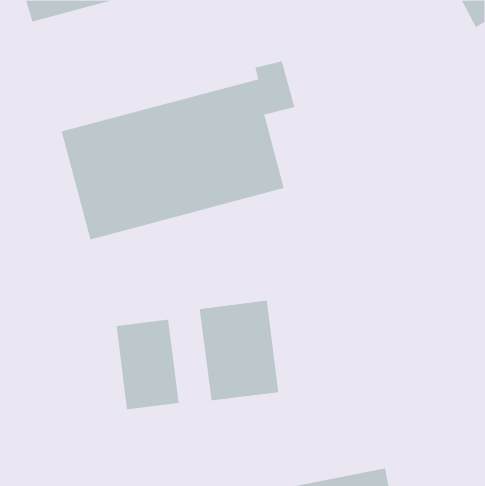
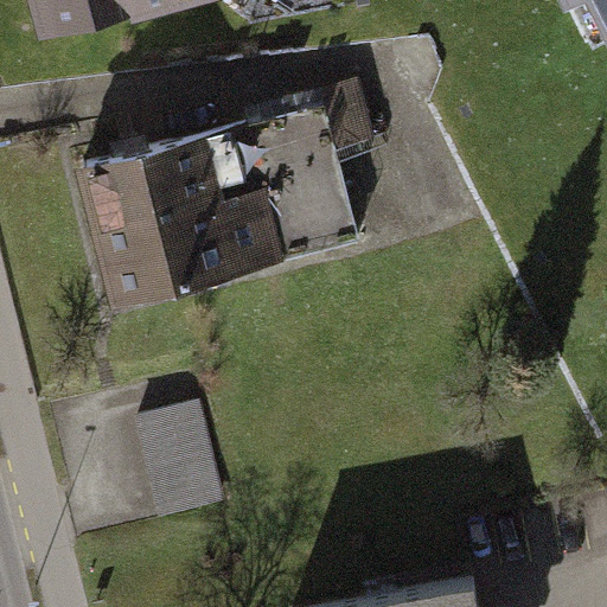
building: [199,300,279,401] -> none

